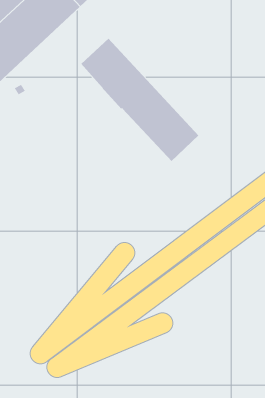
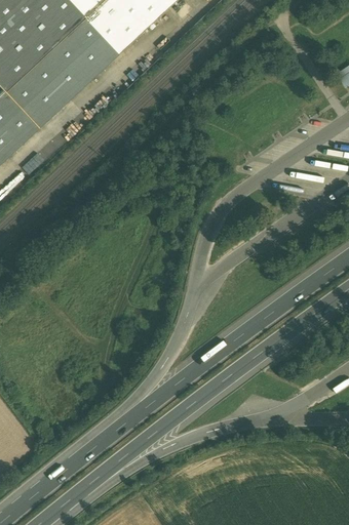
building: [81,38,199,162] -> none

